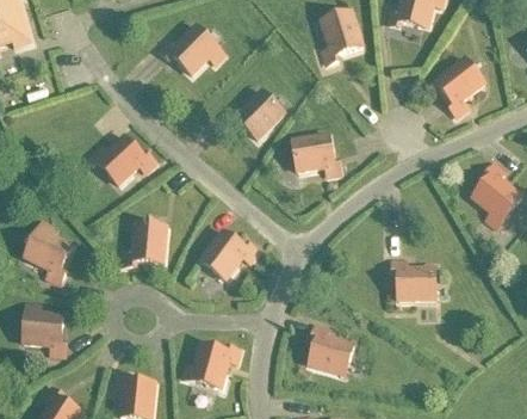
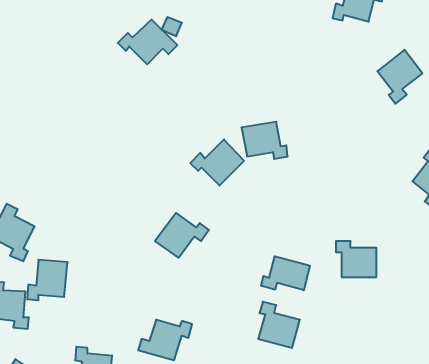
building: [322,11,362,63] -> none
building: [227,90,284,138] -> [190,139,244,186]
building: [92,135,155,184] -> none
building: [124,223,167,266] -> [27,260,68,300]
building: none -> [261,256,310,290]

